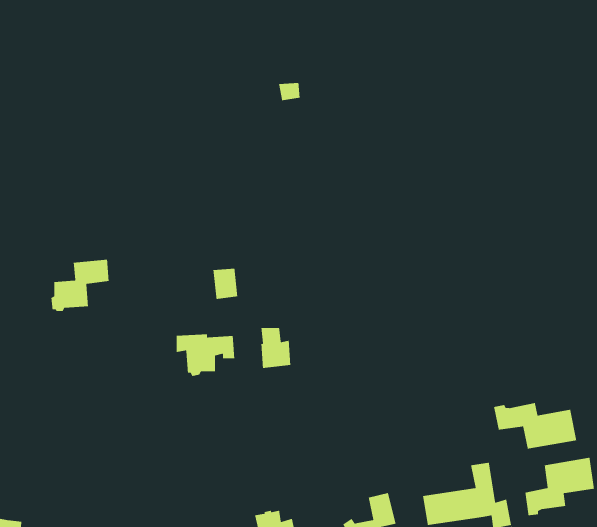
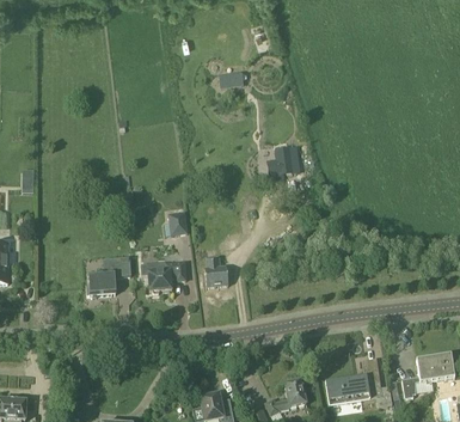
building: none -> [268,148,299,175]
building: [50,259,110,312] -> [86,257,130,296]
building: [493,402,577,450] -> none

